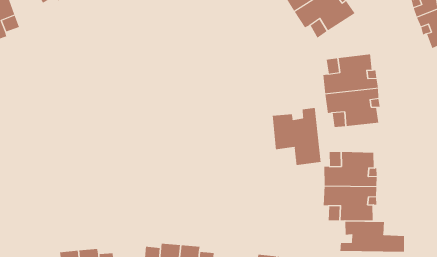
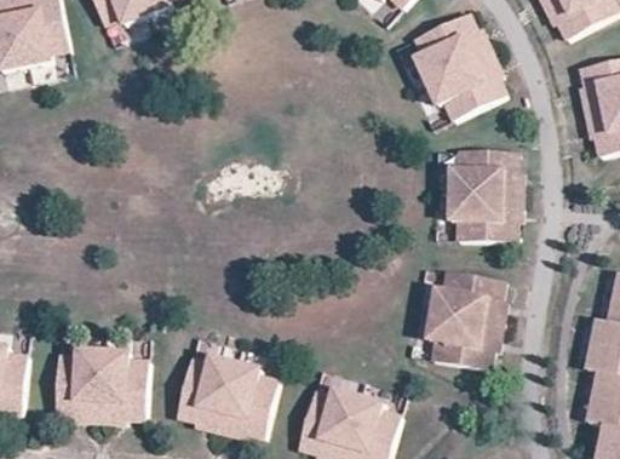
building: [272,107,321,166] -> none
building: [340,221,405,252] -> none

